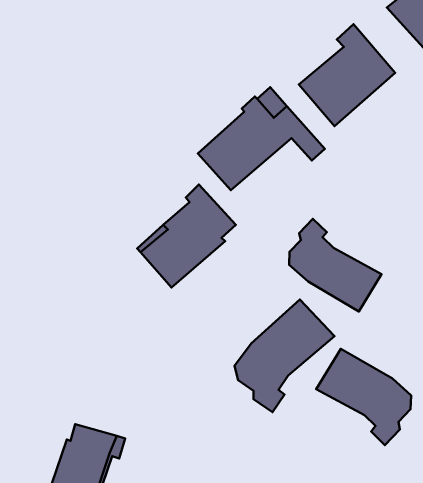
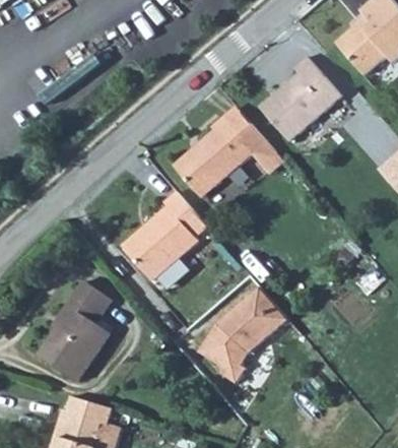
building: [289,219,381,312] -> none
building: none -> [38,281,111,381]
building: [316,349,411,445] -> none

